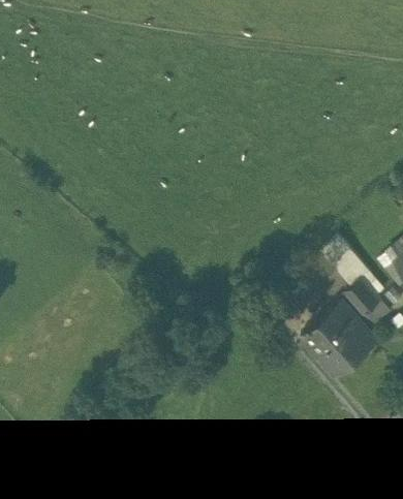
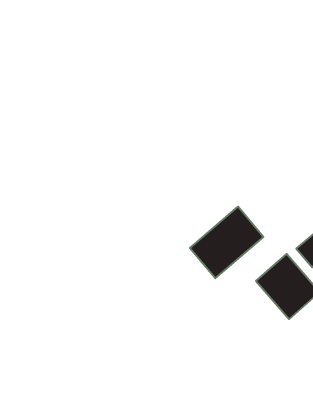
building: none -> [190,207,263,278]

